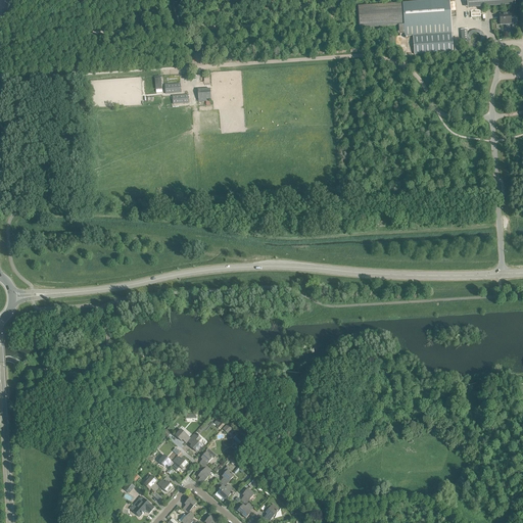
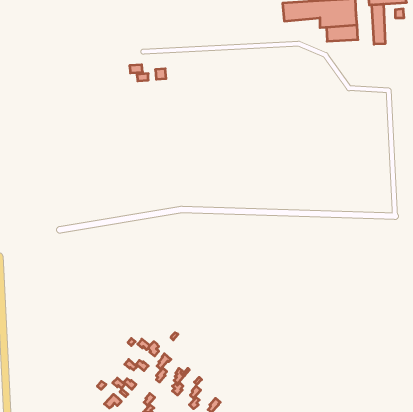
building: none -> [372,4,385,44]

